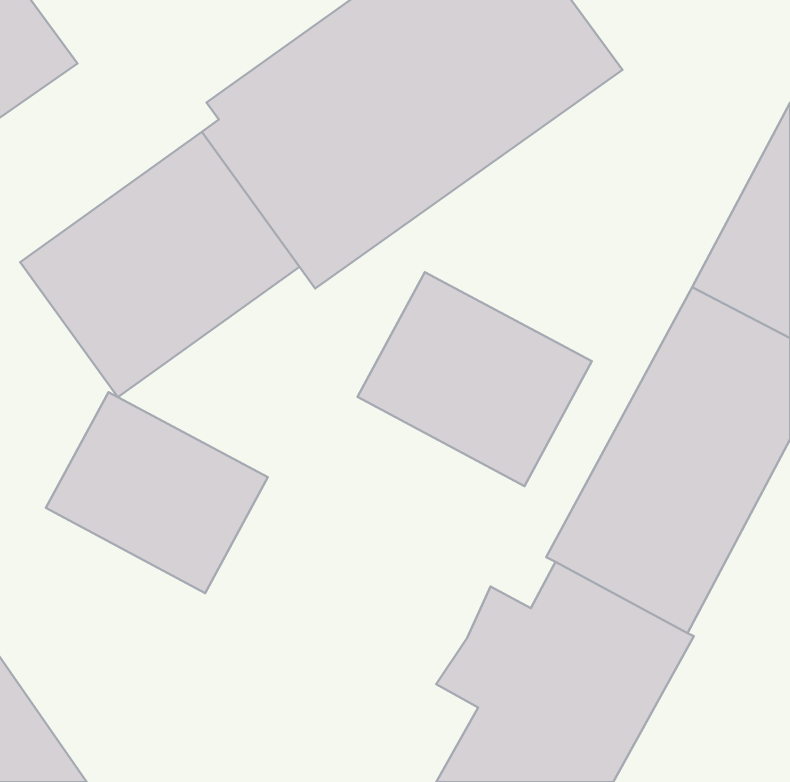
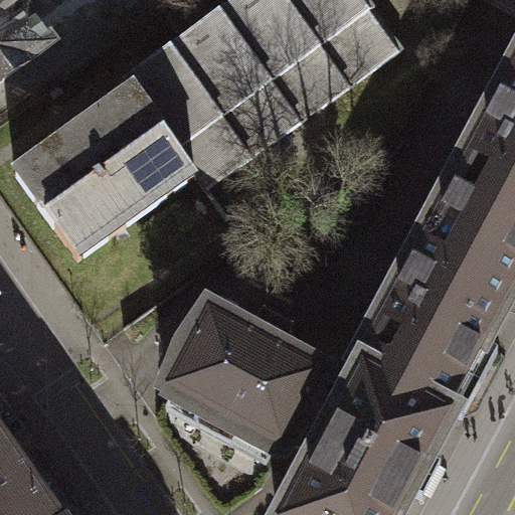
building: [357,272,592,486] -> none
building: [46,392,268,593] -> none
building: none -> [165,308,323,448]

